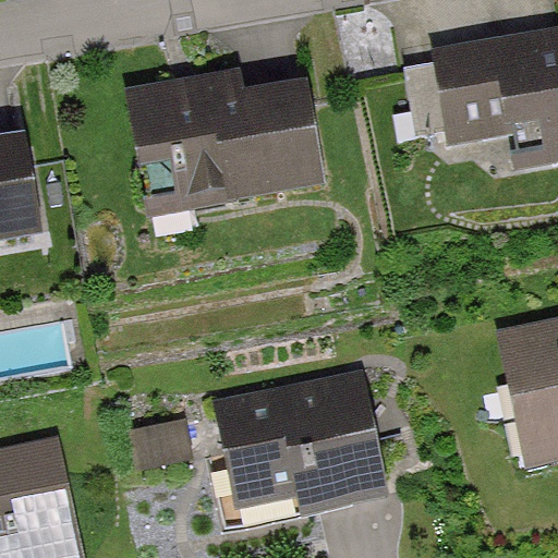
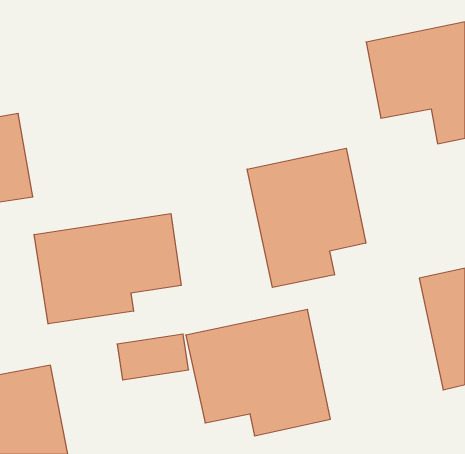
building: [123,70,318,218] -> none
building: none -> [247,148,366,287]
building: none -> [34,214,181,324]

